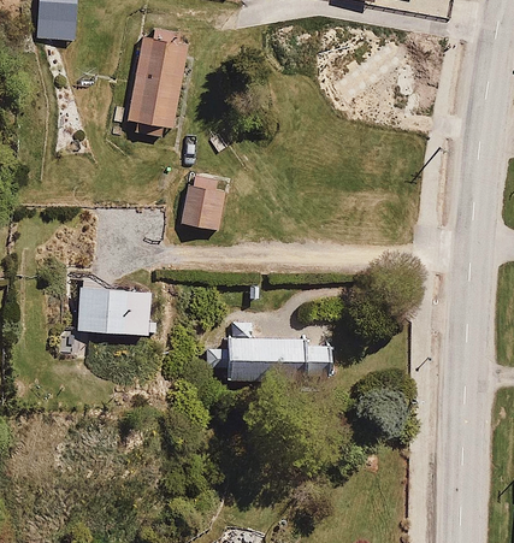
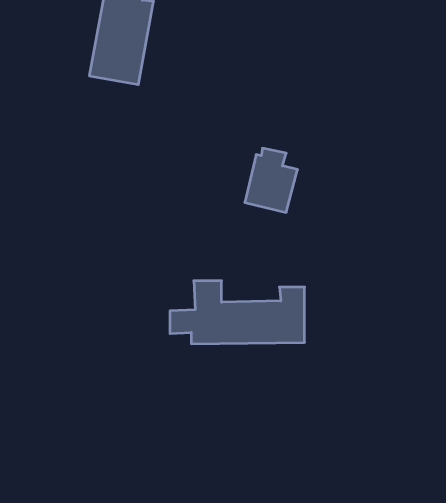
building: [178,173,229,235] -> [245,148,298,212]
building: [78,296,159,342] -> none

